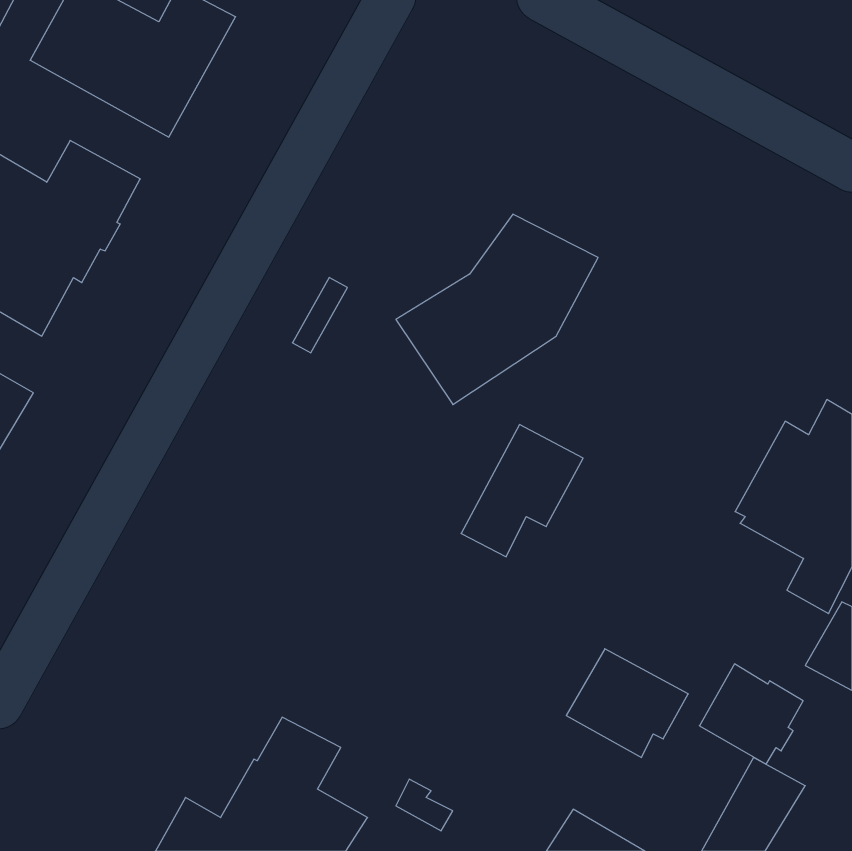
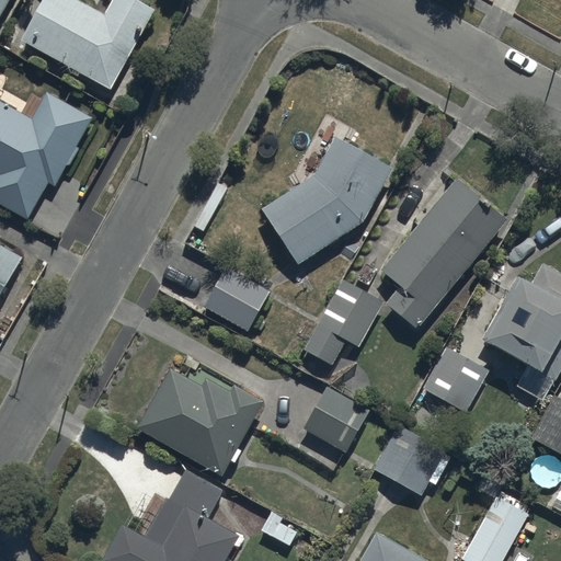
building: none -> [379,179,507,332]
building: none -> [198,264,272,335]
building: none -> [137,368,265,477]
building: none -> [304,389,369,455]
building: [699,664,803,764] -> [421,346,489,412]

